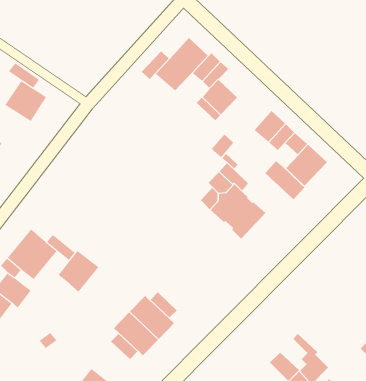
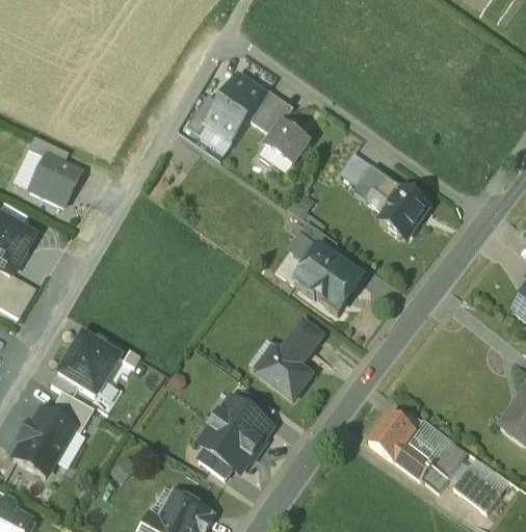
building: [264,160,305,200] -> none
building: none -> [257,319,321,398]
building: [58,250,99,292] -> none
building: none -> [368,409,413,455]

